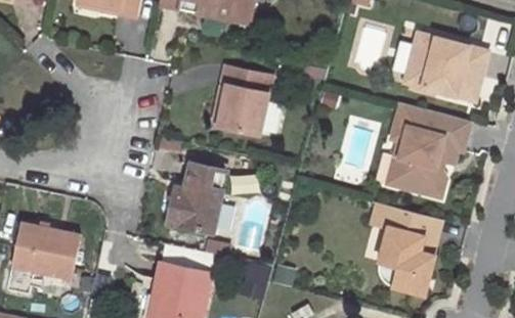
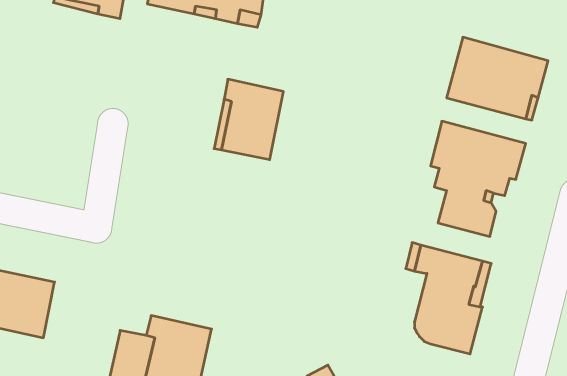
building: [170,165,224,232] -> none

